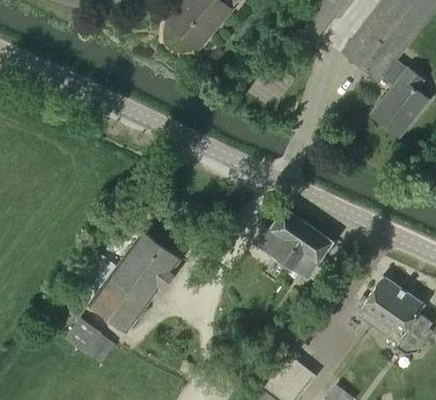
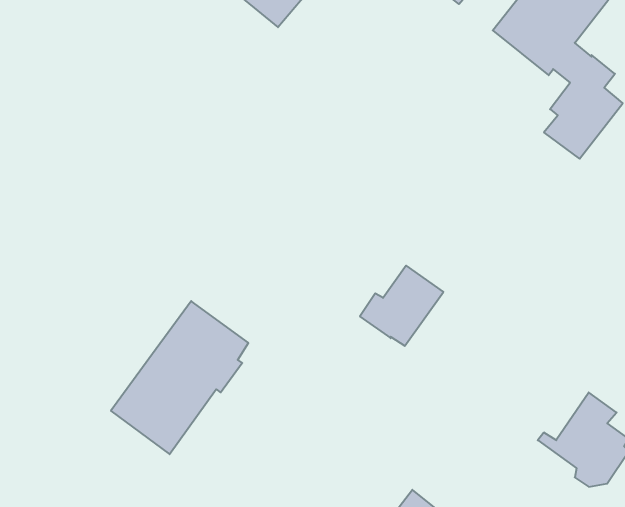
building: [284,225,333,278] -> none
building: [356,276,405,323] -> none
building: [64,316,103,356] -> none

